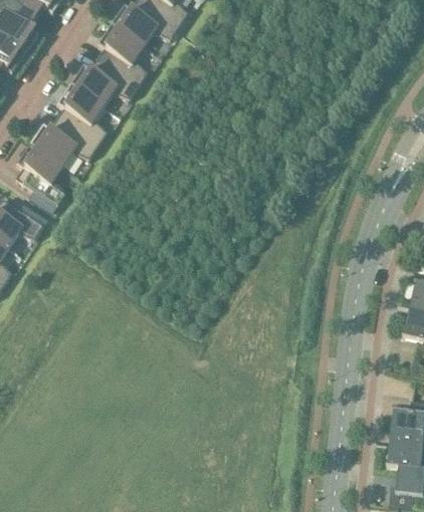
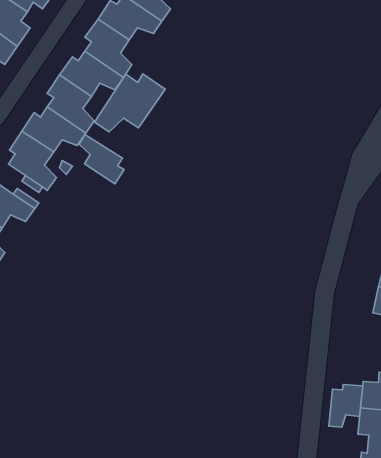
building: none -> [94,74,165,132]
building: none -> [79,134,124,184]
building: none -> [329,385,363,427]

